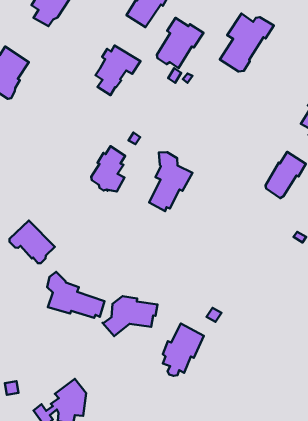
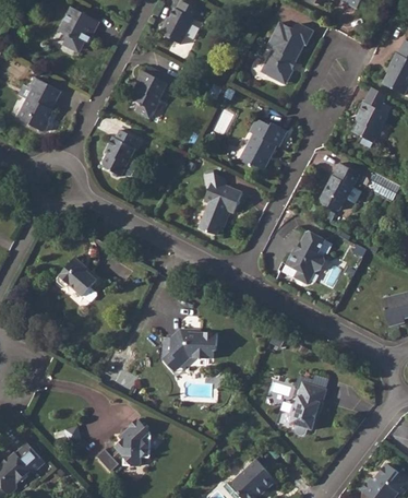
building: [157,18,204,68] -> [240,117,287,169]
building: [91,146,125,192] -> [103,129,137,176]
building: none -> [286,230,325,283]
building: [47,272,105,318] -> none
building: [163,323,204,376] -> [287,383,328,439]

